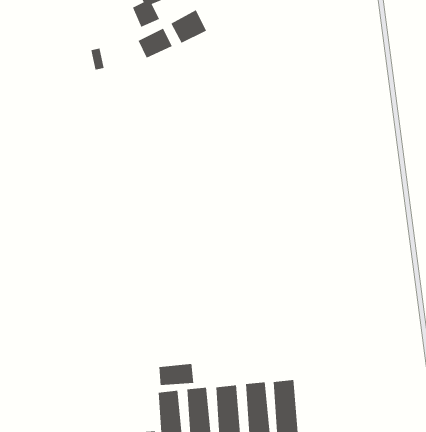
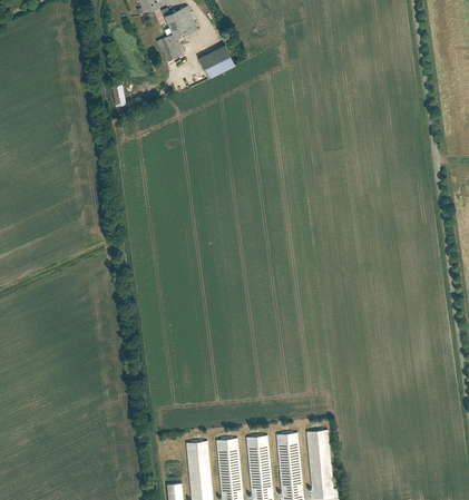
building: [138,28,173,59] -> none
building: [159,363,194,386] -> none

